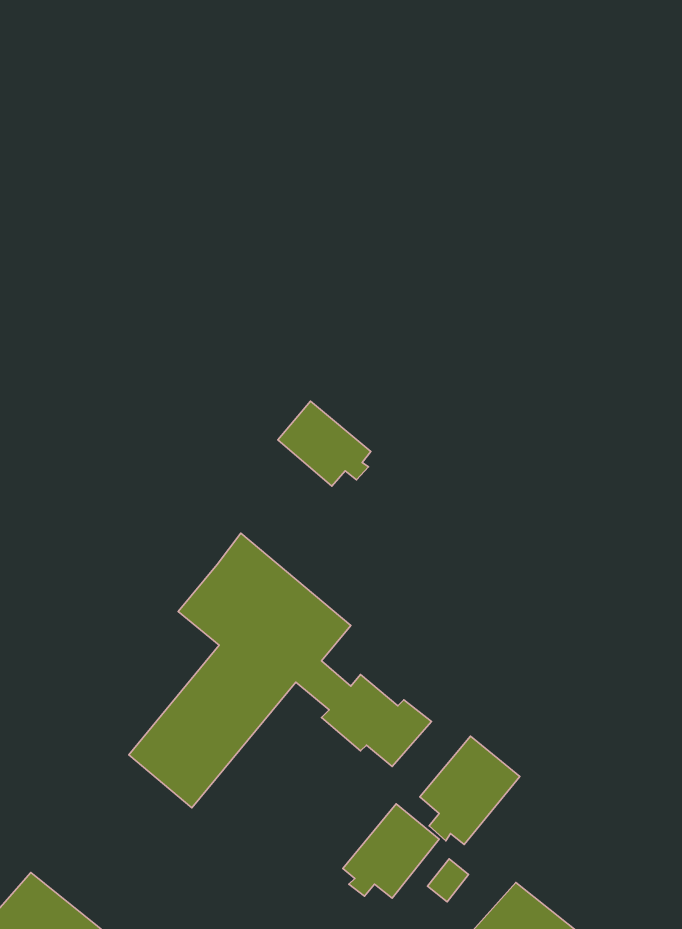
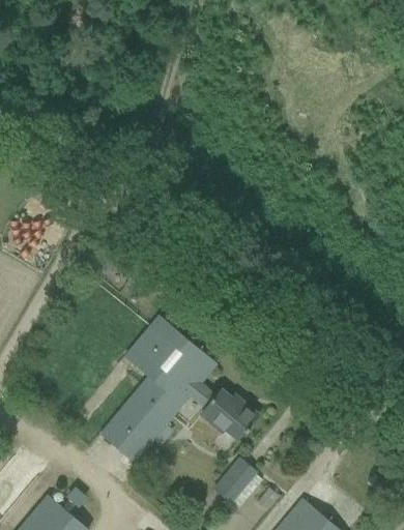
building: [278,401,371,486] -> none
building: [420,736,520,844] -> none

